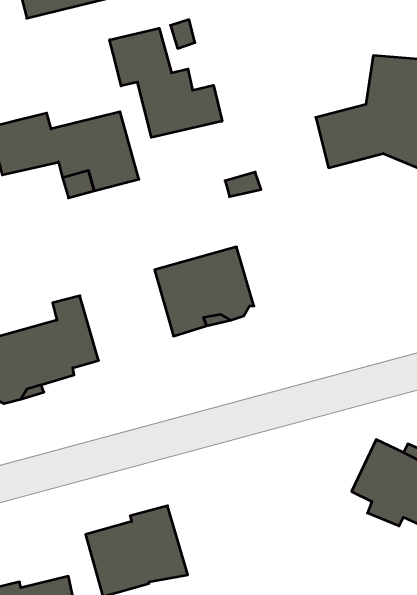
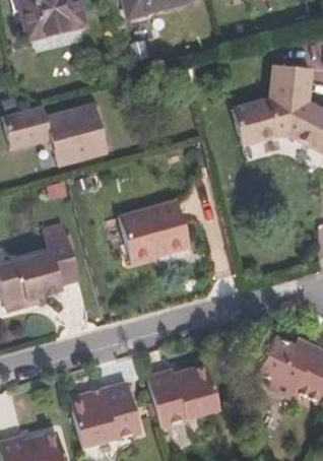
building: [110,28,222,137] -> none
building: none -> [147,365,219,426]

